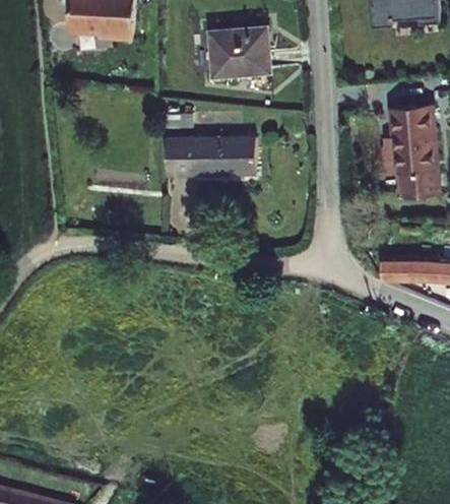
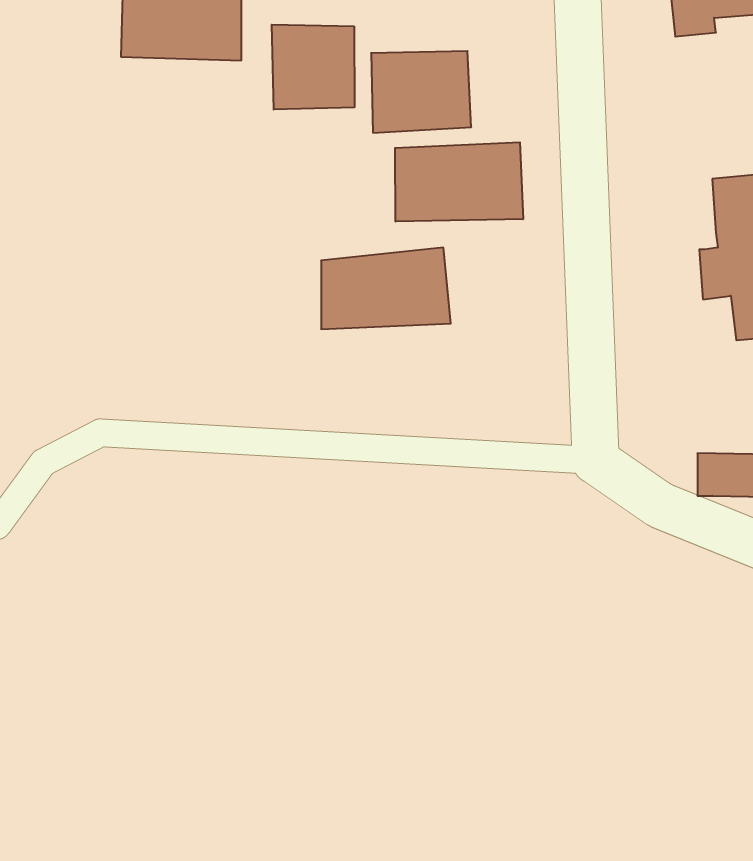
building: none -> [272,25,354,110]
building: none -> [395,142,523,222]

